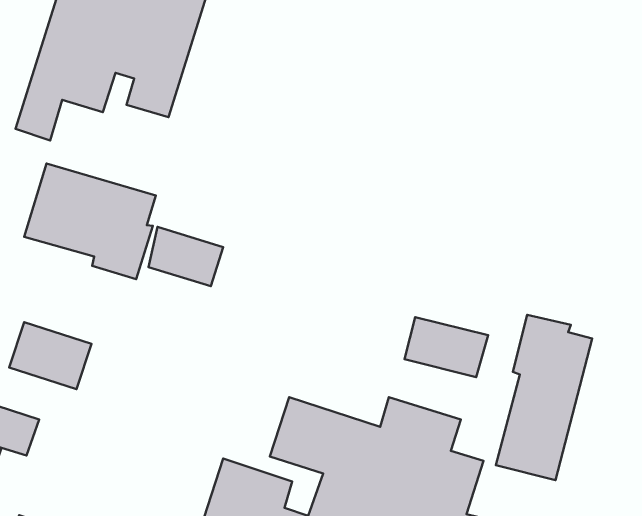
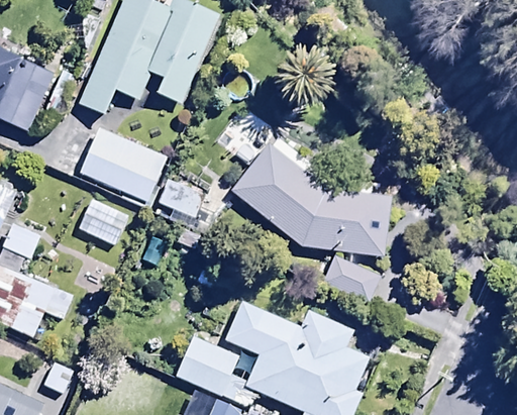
building: none -> [230,143,387,254]
building: [496,315,592,480] -> none
building: [9,322,91,389] -> [76,197,132,245]

